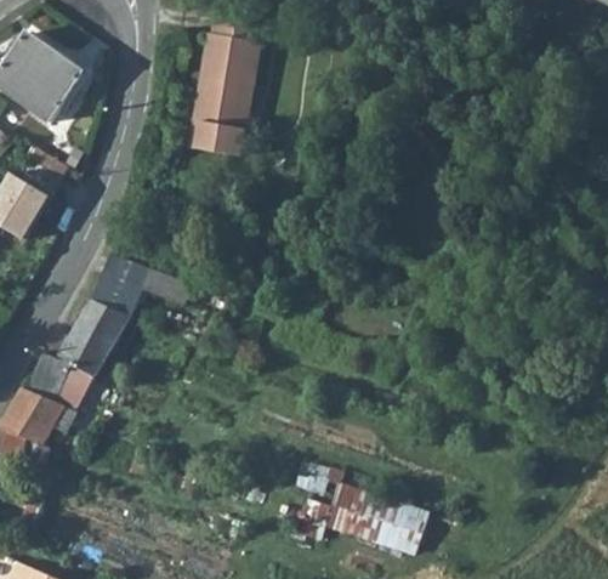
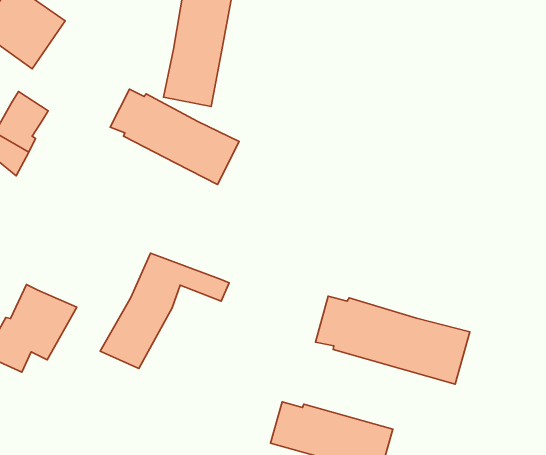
building: none -> [110,89,239,184]
building: [53,254,191,376] -> [100,253,229,368]
building: none -> [315,296,470,384]

